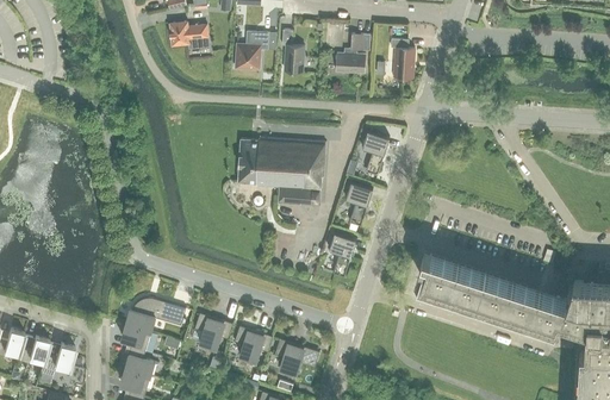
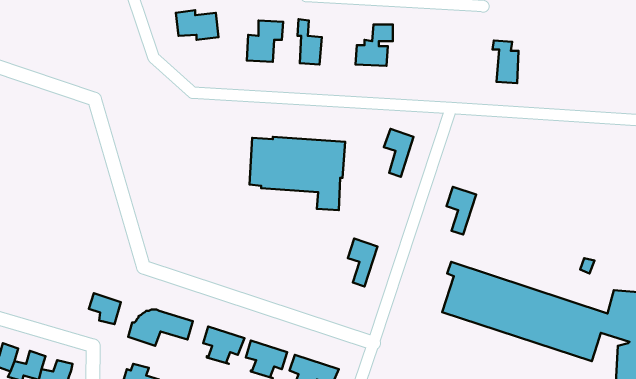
building: [391,39,415,79] -> [493,40,518,83]
building: [346,181,373,225] -> [446,187,476,235]
building: [122,323,151,351] -> [89,293,121,324]

